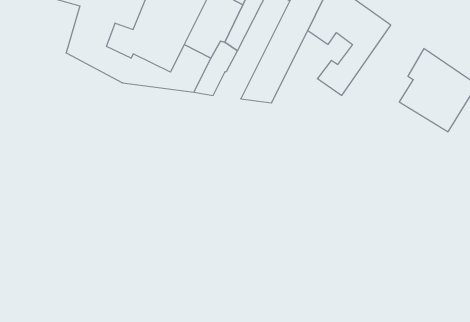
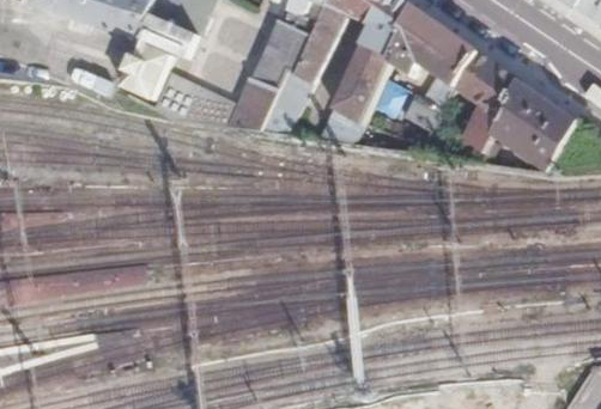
building: none -> [454,55,518,157]

